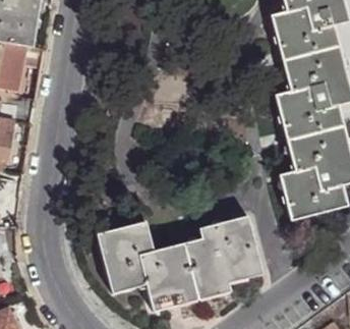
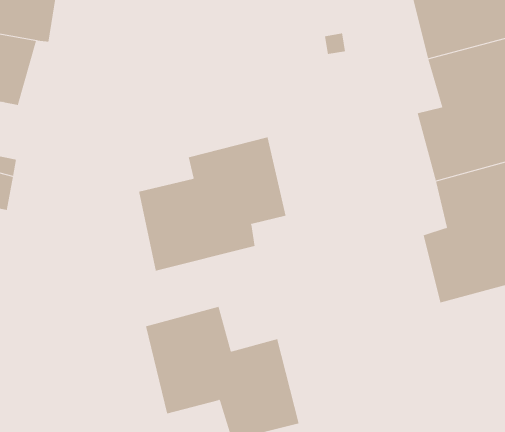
building: none -> [138,137,286,271]
building: [184,215,265,298] -> none

